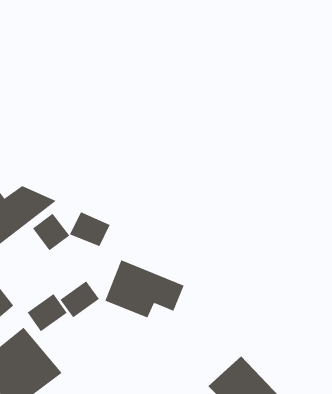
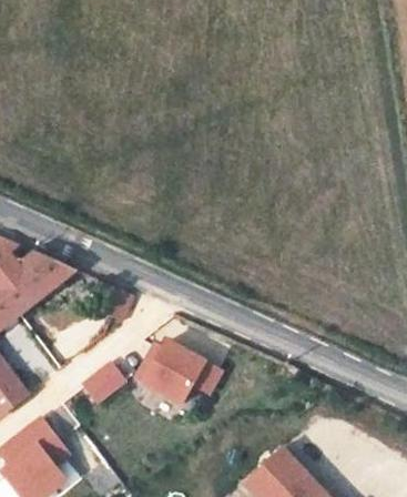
building: [32,213,70,251] -> none
building: [27,293,67,332] -> none

